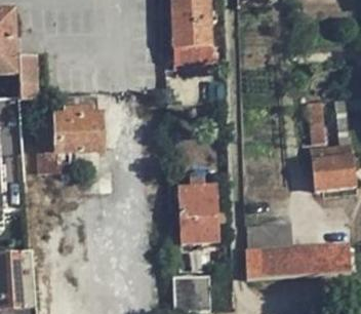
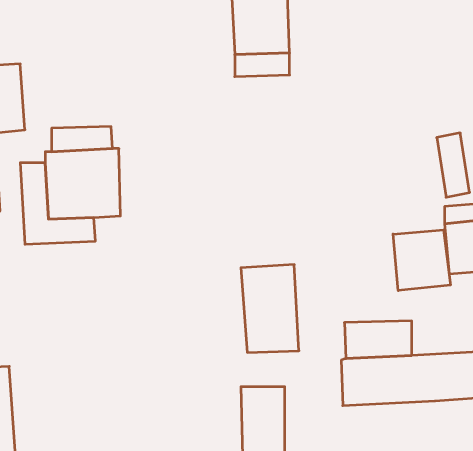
building: none -> [393,230,450,291]

